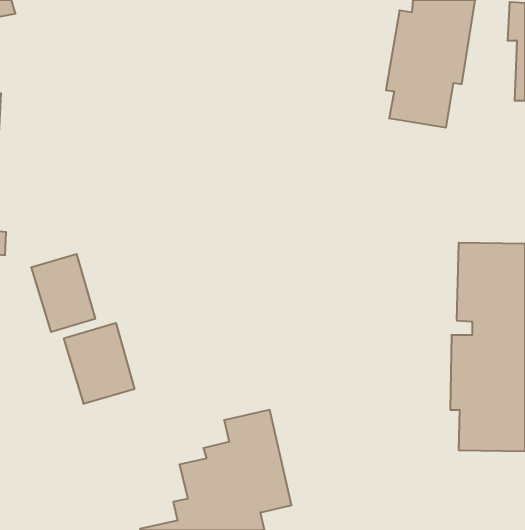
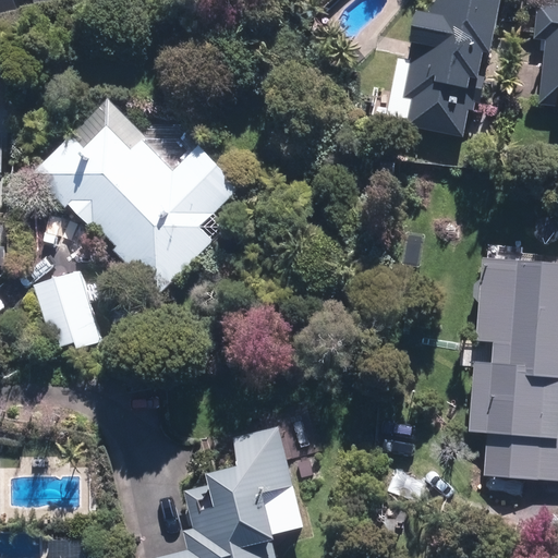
building: none -> [37,128,243,298]
building: [64,323,134,404] -> none

